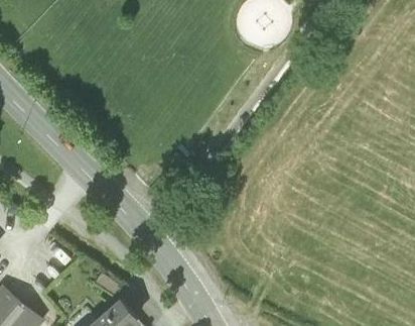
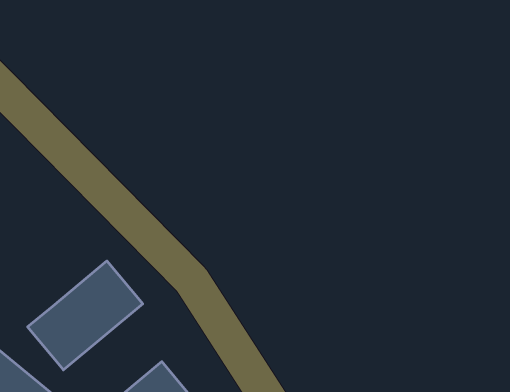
building: none -> [28,261,143,370]

